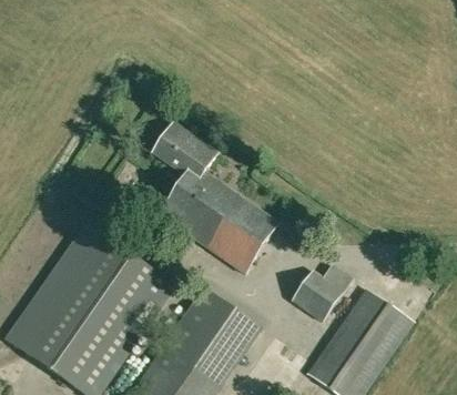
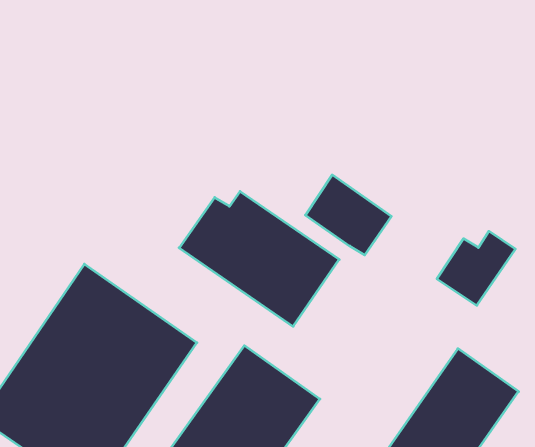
building: [152,122,216,182] -> [305,175,391,255]
building: [293,264,352,320] -> [437,231,515,305]

